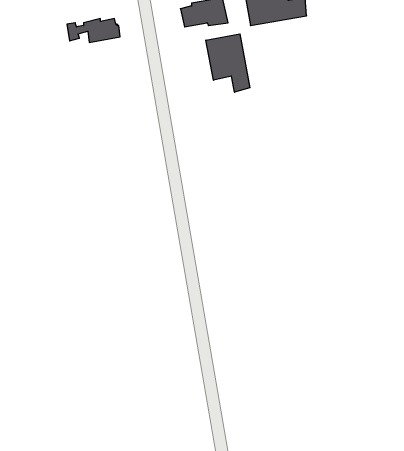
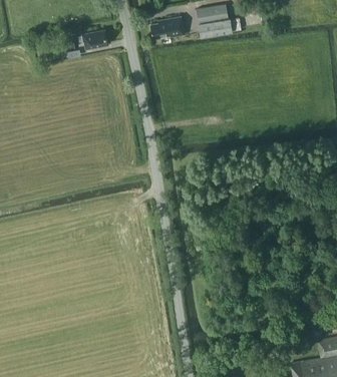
building: [206,34,250,92] -> none

